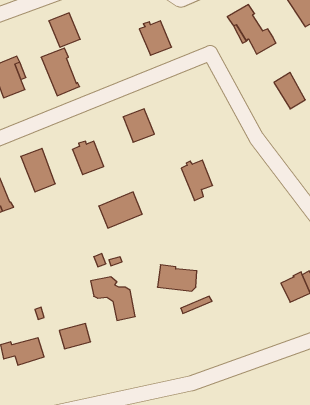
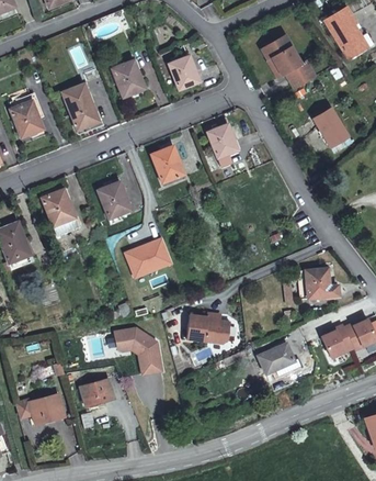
building: [49,13,80,47] -> [111,57,145,94]
building: [181,160,213,201] -> [206,124,240,168]
building: none -> [298,268,338,298]
building: none -> [254,336,297,378]

